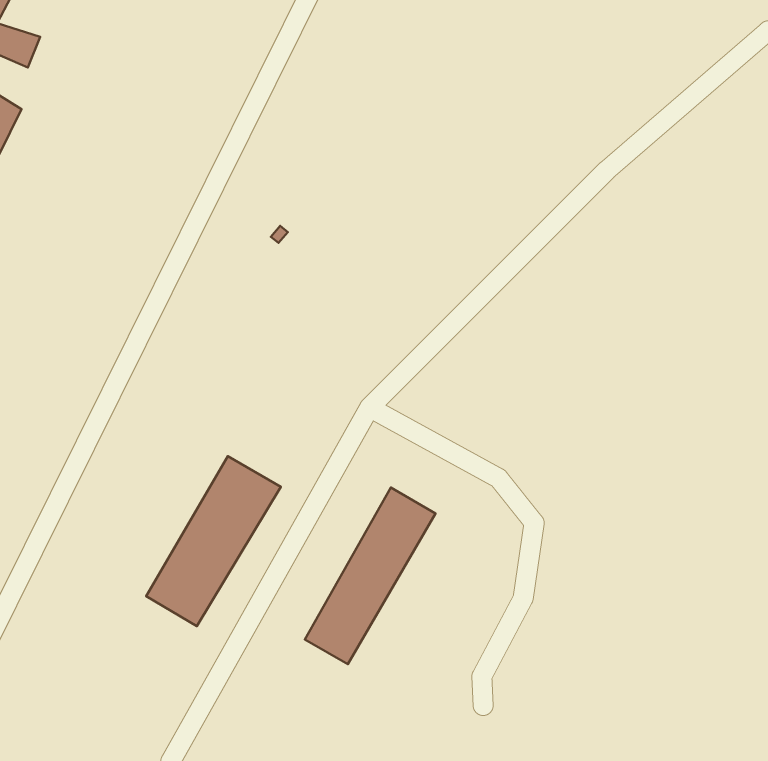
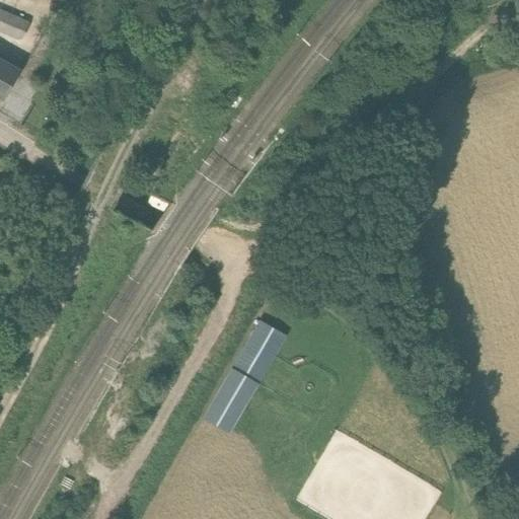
building: [146,456,281,626] -> none

